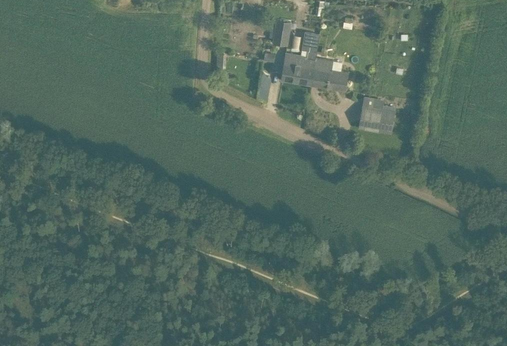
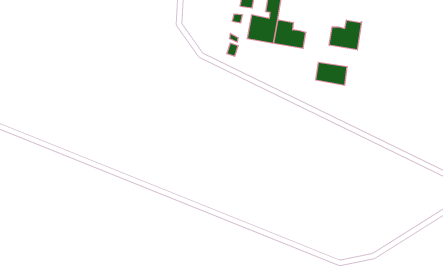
building: none -> [329,20,362,50]

